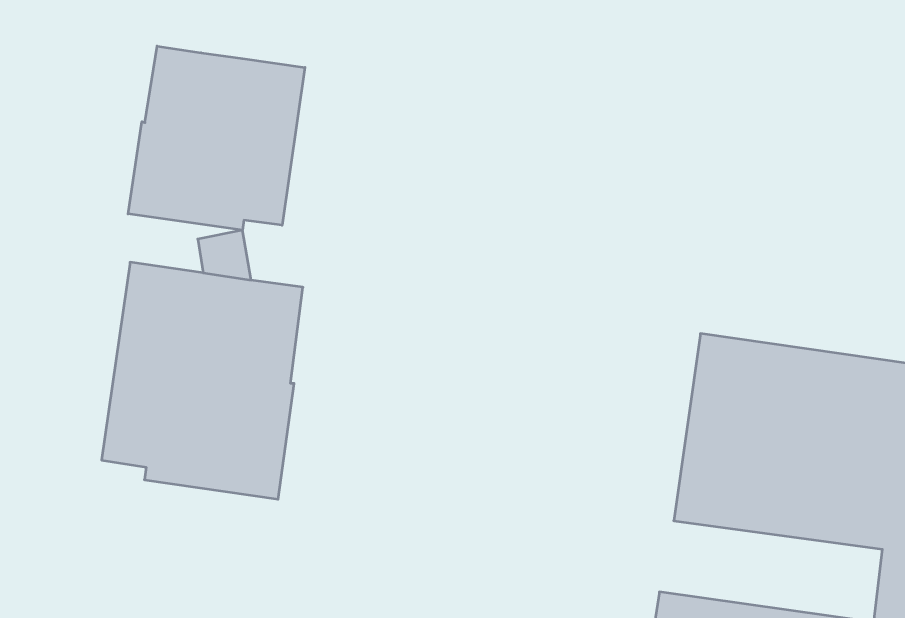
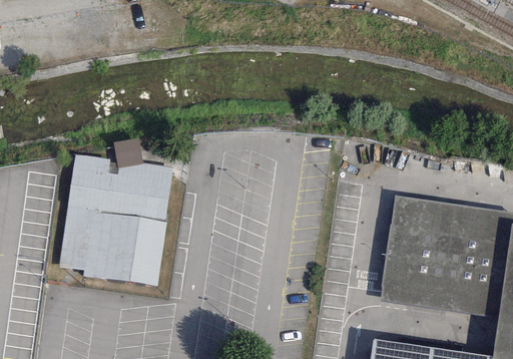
building: [128,46,305,230] -> none

